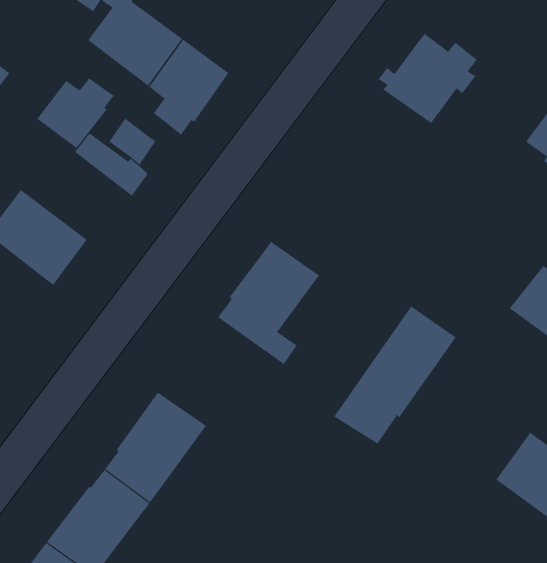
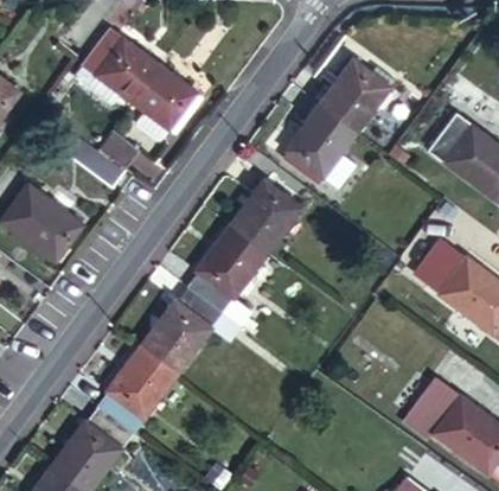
building: [36,78,115,149] -> none
building: none -> [282,104,357,189]
building: none -> [229,179,301,253]
building: [333,306,456,445] -> none
building: none -> [139,286,239,372]

